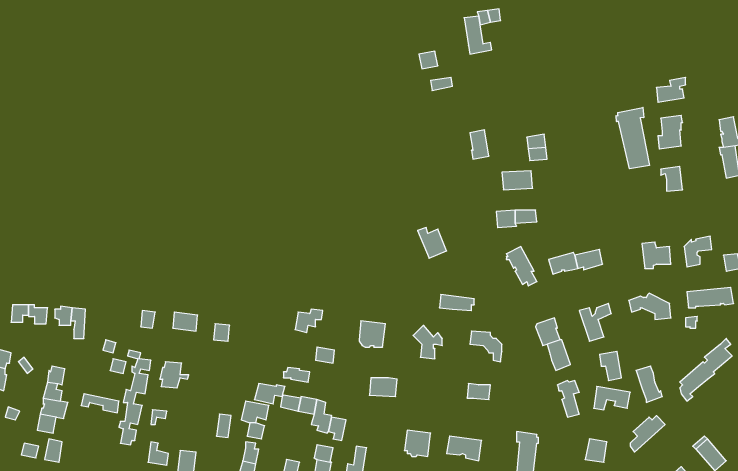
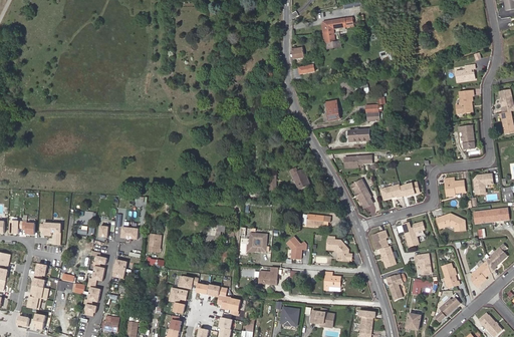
building: [616,107,649,169] -> none

